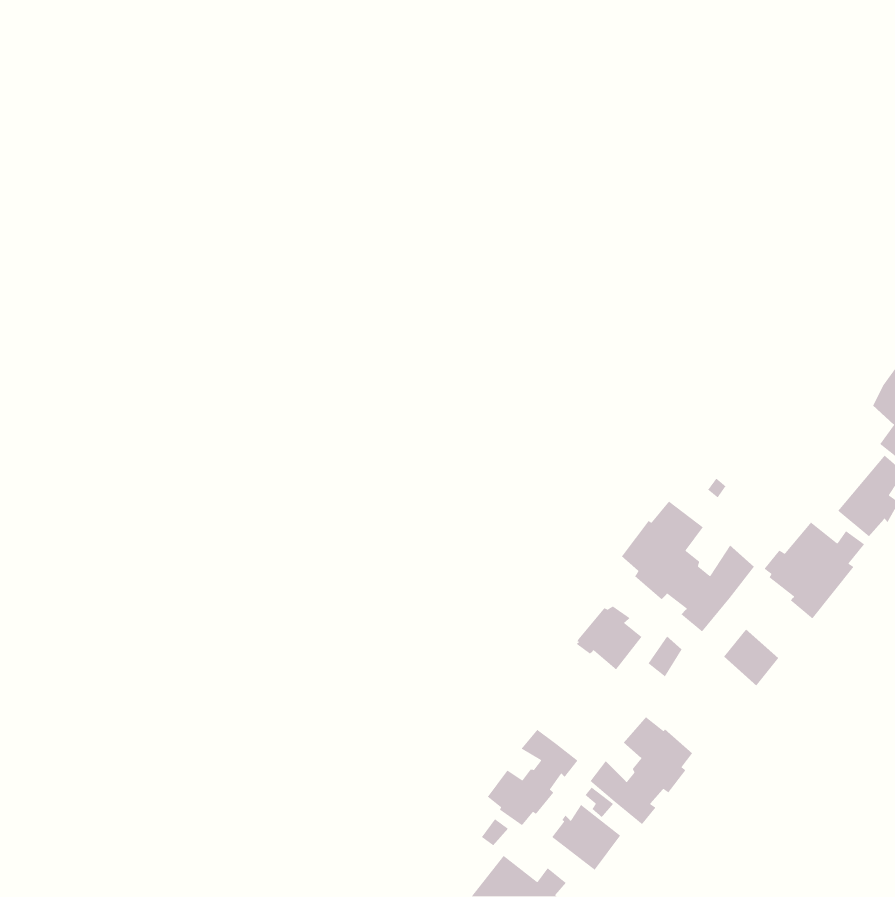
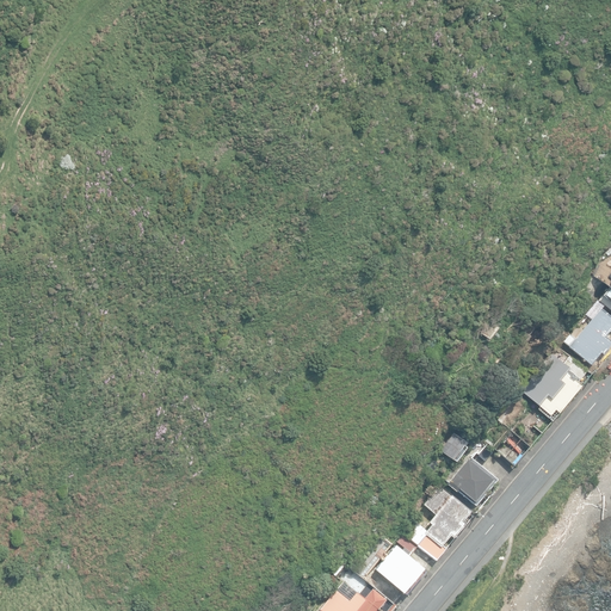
building: [621,500,755,633] -> none
building: [576,605,643,670] -> [449,458,494,502]
building: [487,729,579,826] -> none

